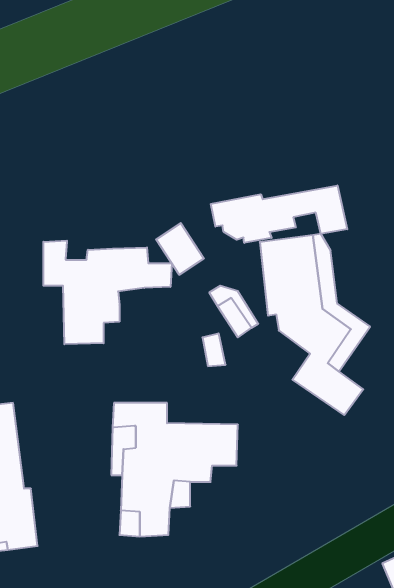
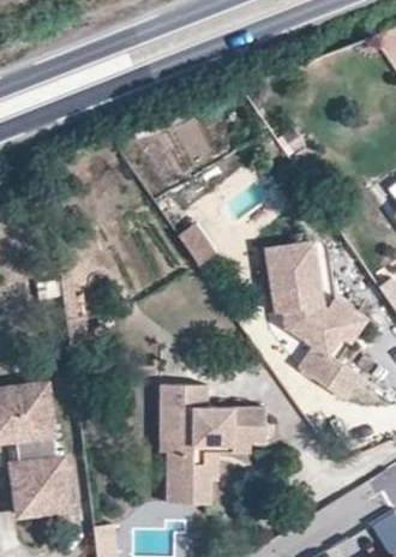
building: [211,185,347,243] -> none
building: [43,241,172,344] -> none

